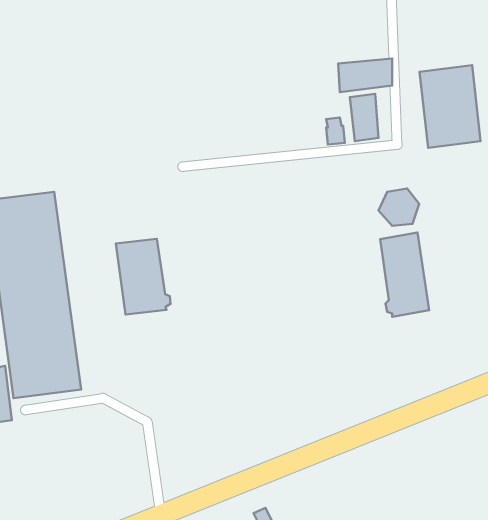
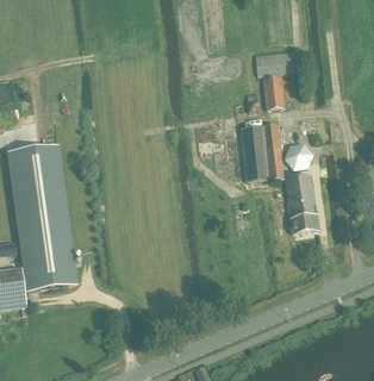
building: [420,65,480,148] -> [242,124,285,182]
building: [116,239,170,314] -> none

